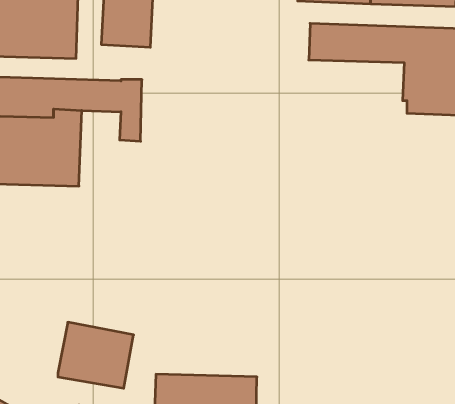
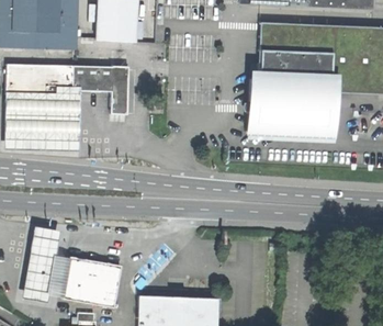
building: none -> [246,50,336,136]
building: none -> [22,225,70,302]

